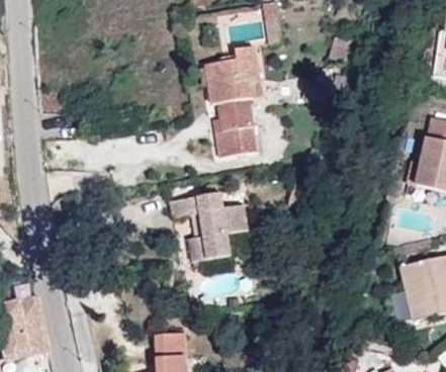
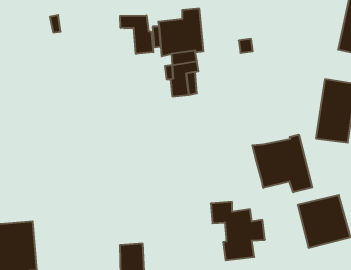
building: none -> [120,15,153,54]
building: [188,189,255,261] -> [211,202,265,260]
building: none -> [252,135,312,192]

